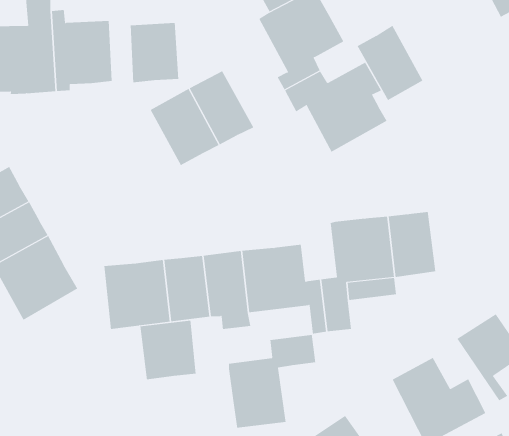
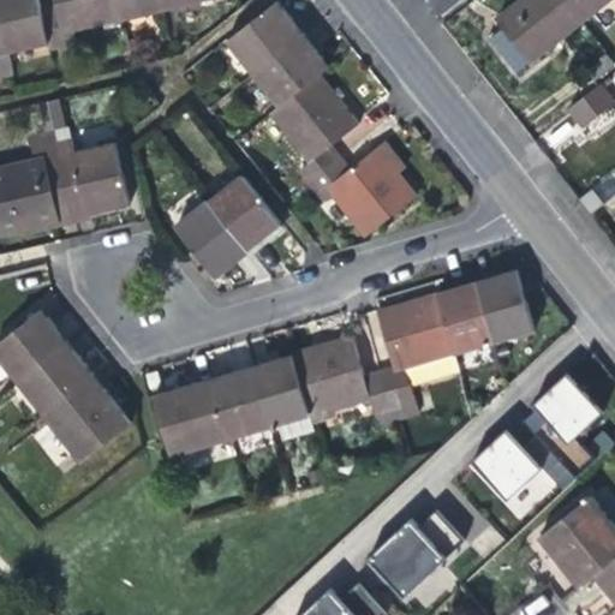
building: [130,22,179,83] -> none
building: [357,25,423,101] -> none
building: none -> [476,270,535,342]
building: [140,320,196,380] -> none
building: [228,334,316,429] -> none

